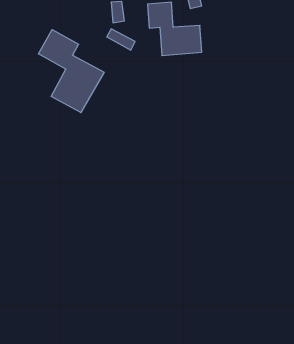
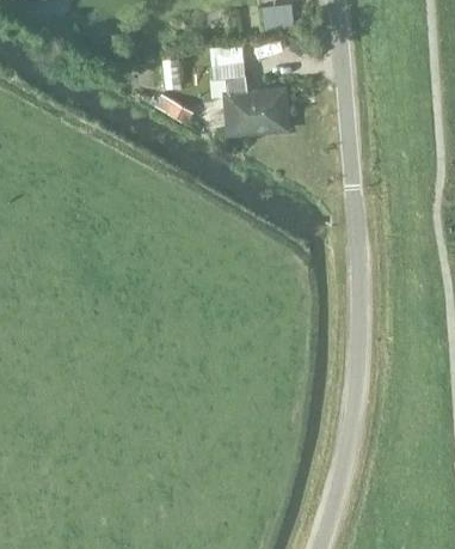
building: [38,30,104,113] -> none

